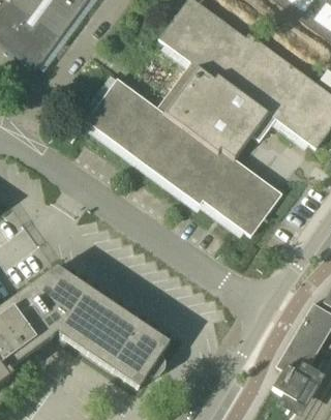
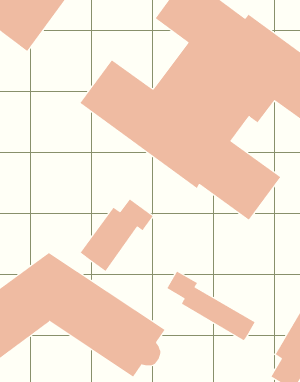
building: none -> [80,199,153,272]
building: none -> [166,271,256,341]

